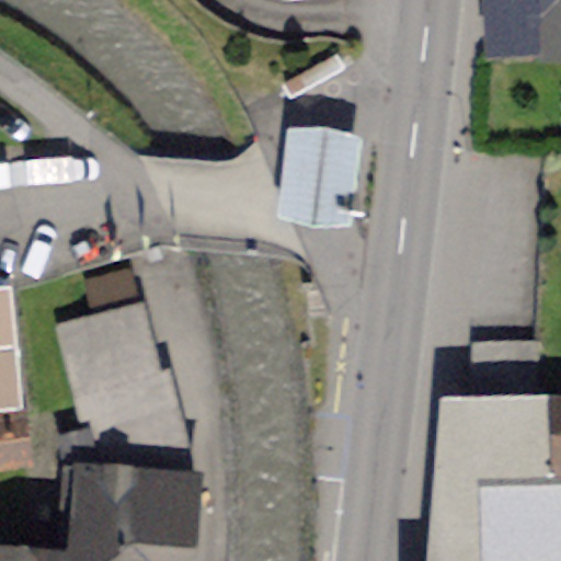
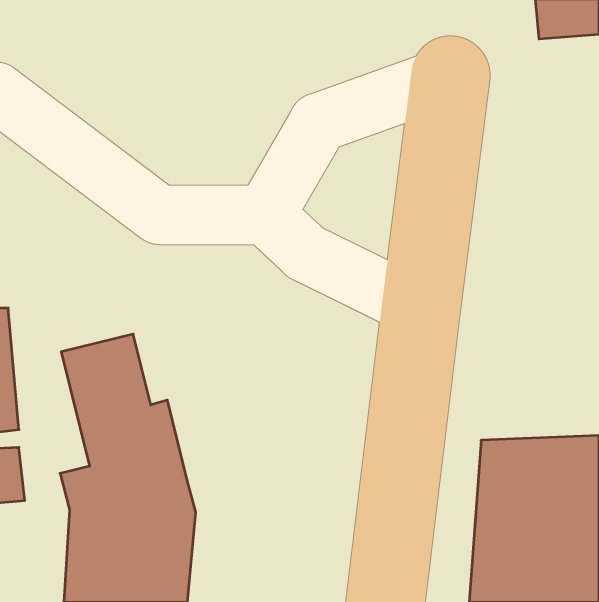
building: [280,127,354,226] -> none

